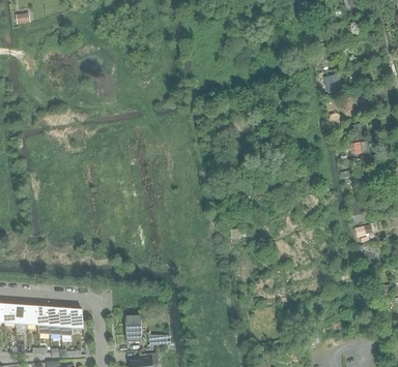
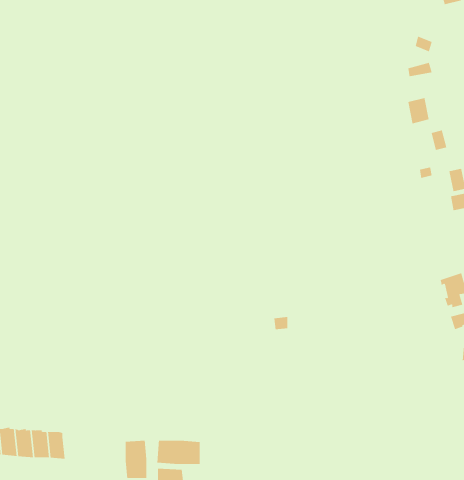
building: none -> [157,440,200,465]

